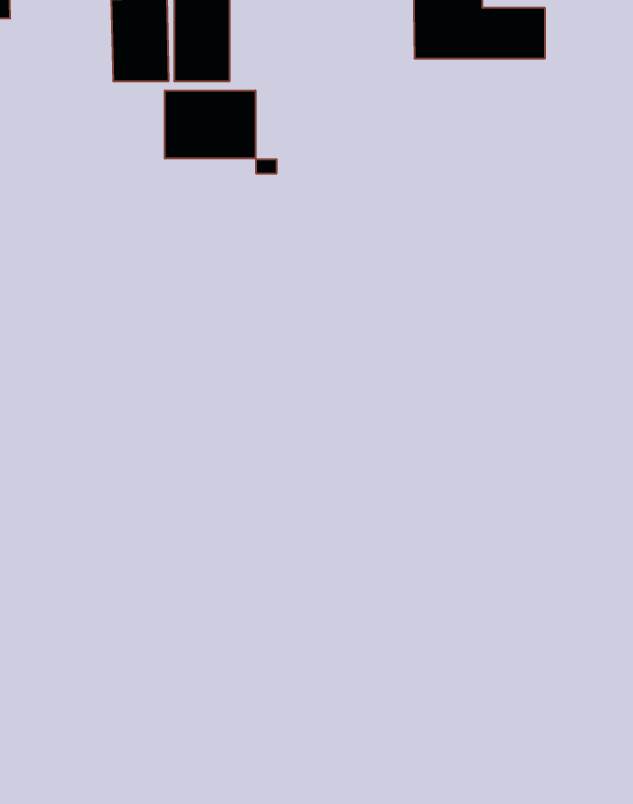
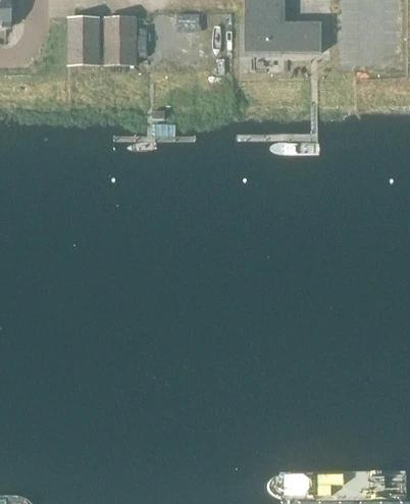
building: [165,90,255,159] -> none

